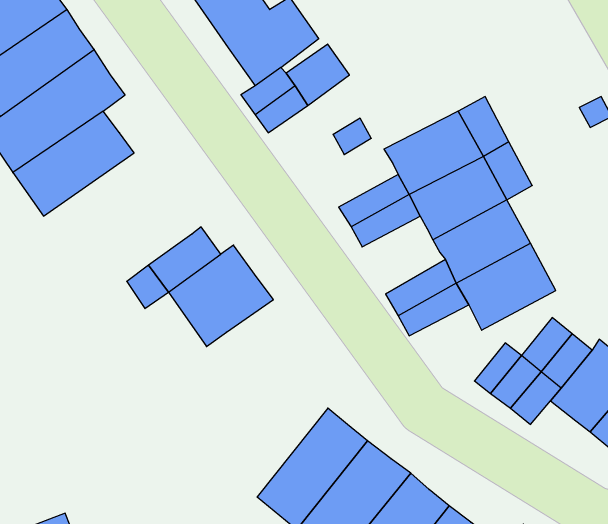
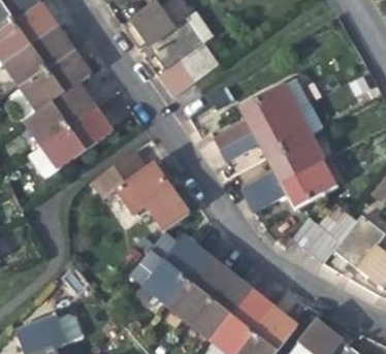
building: none -> [28,107,111,178]
building: none -> [149,191,190,230]
building: none -> [142,234,206,303]

